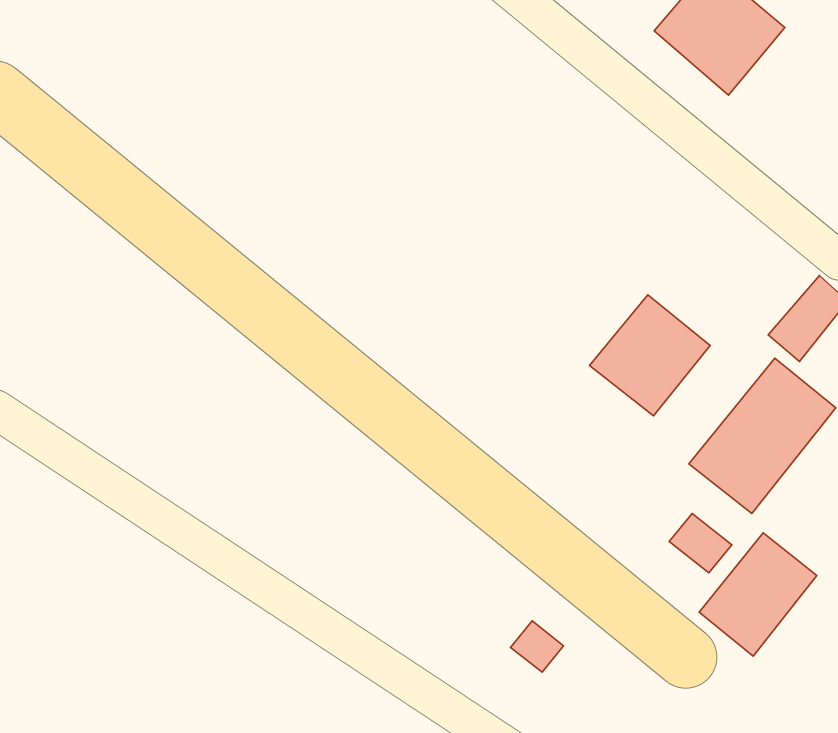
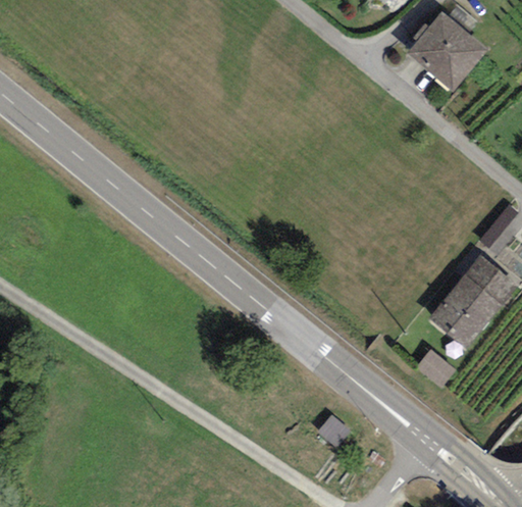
building: [590,295,710,416] -> none
building: [699,533,817,656] -> none

